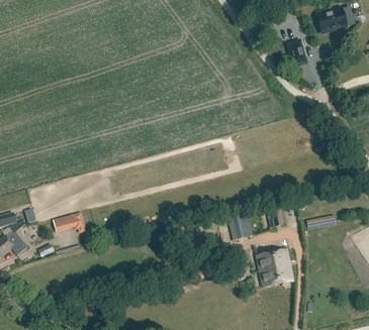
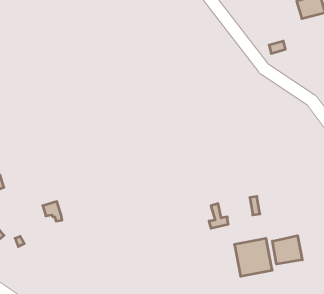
building: none -> [272,236,302,264]

